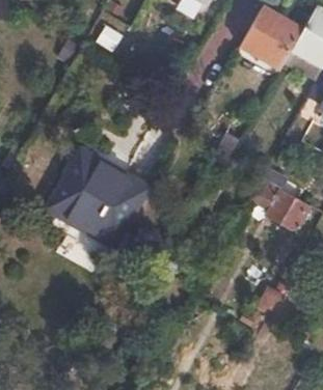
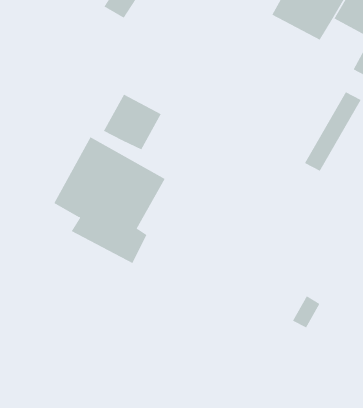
building: none -> [103,94,162,150]
building: [253,178,308,227] -> none

